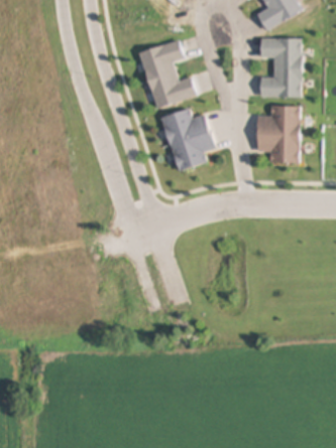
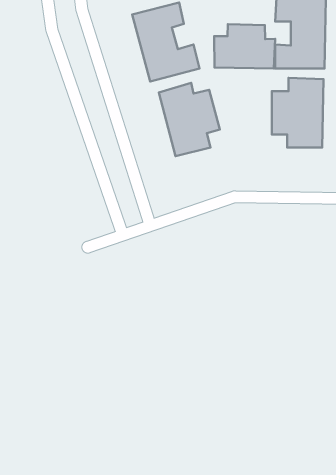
building: none -> [214,24,275,69]

